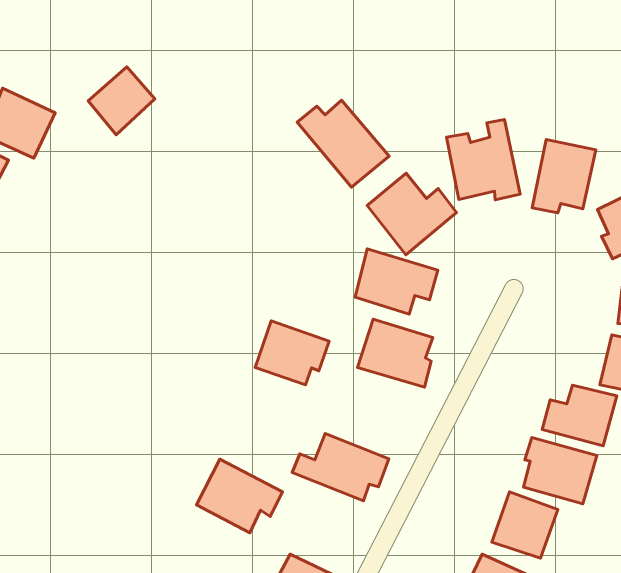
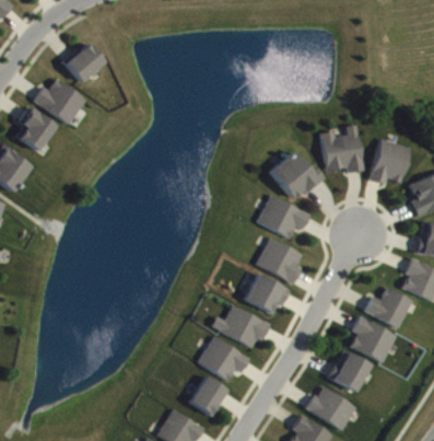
building: [88,67,155,135] -> [63,42,104,82]
building: [297,100,389,187] -> none
building: [255,321,329,385] -> [243,274,289,314]
building: [197,459,282,533] -> [197,336,249,382]

